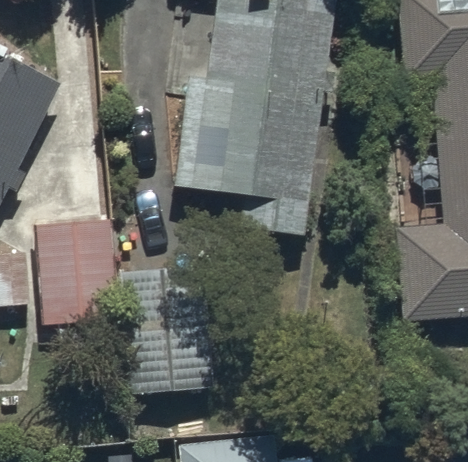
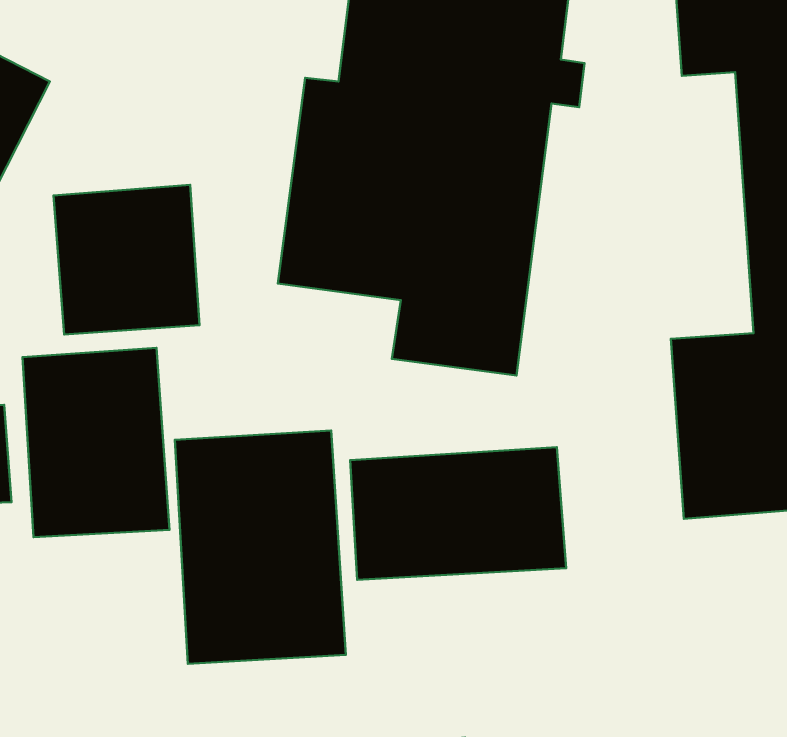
building: none -> [53,185,199,335]
building: none -> [350,447,566,580]

